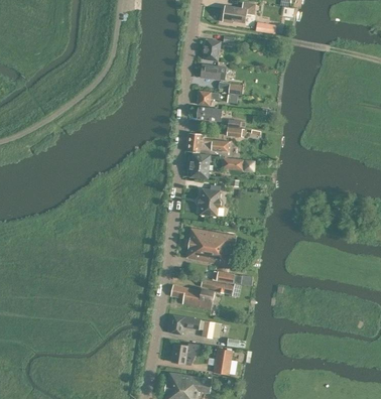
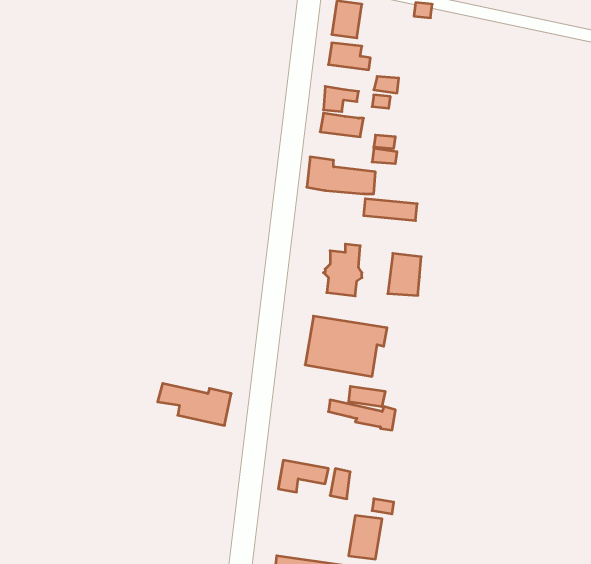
building: [189,152,210,177] -> [388,253,421,295]
building: [170,284,215,309] -> [158,383,231,425]
building: [171,343,199,364] -> none

